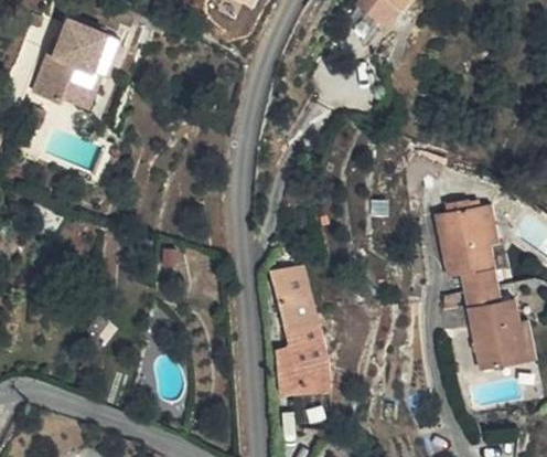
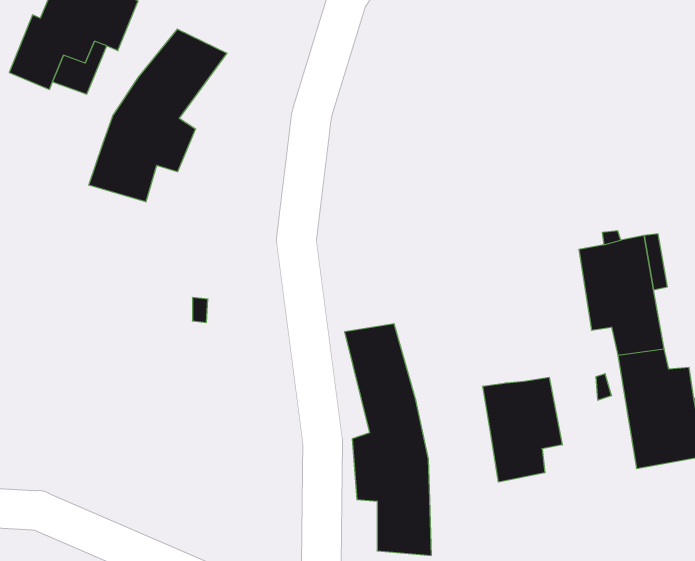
building: none -> [89,29,227,202]
building: none -> [483,377,562,482]

